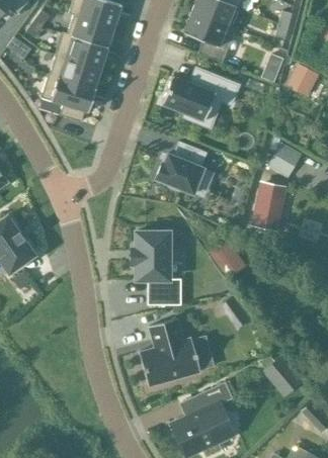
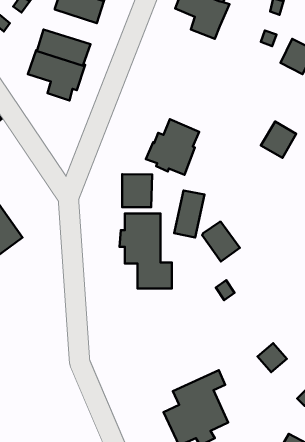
building: [57,32,108,68] -> none
building: [162,74,240,123] -> none
building: [254,184,283,230] -> [174,190,205,237]
building: none -> [122,174,152,207]
building: [140,318,215,386] -> none

